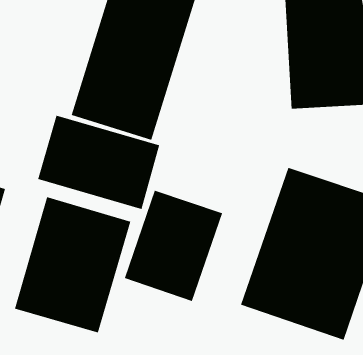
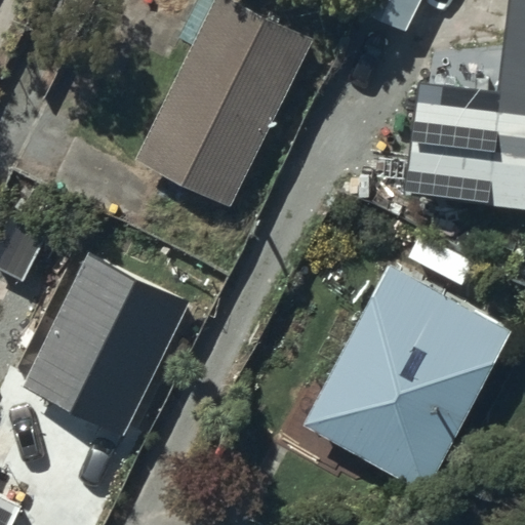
building: [37,115,160,210] -> none
building: [124,190,223,302] -> none

